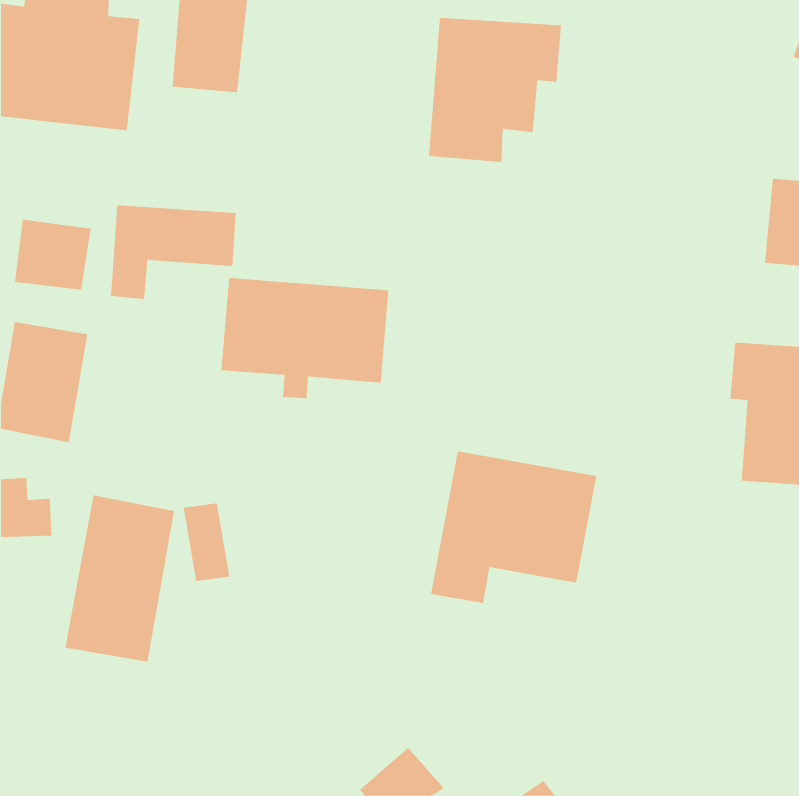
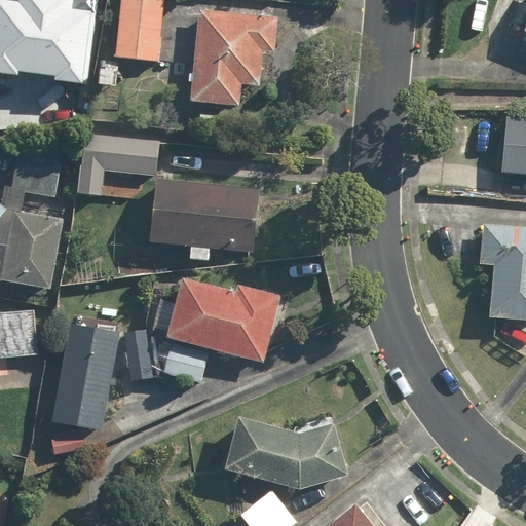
building: [428,17,562,162] -> [189,10,276,105]
building: [430,451,597,604] -> [163,276,272,376]
building: none -> [225,418,344,487]

